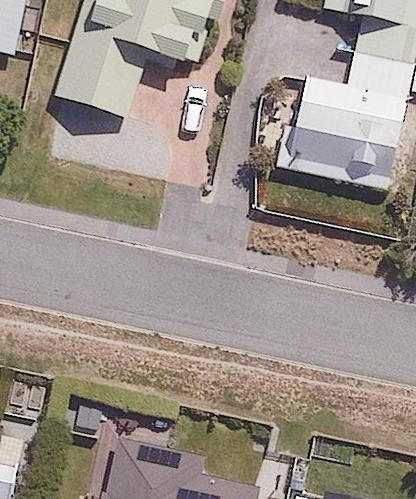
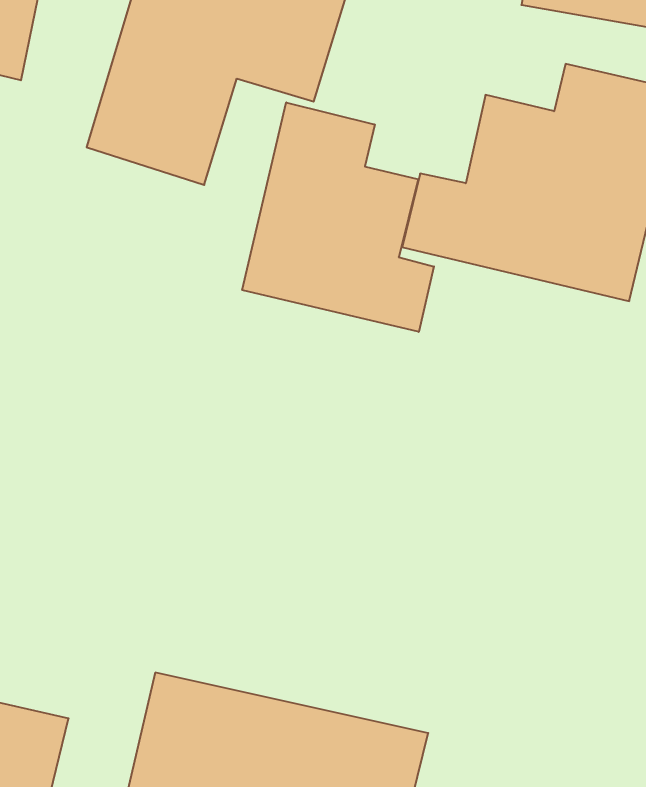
building: none -> [242,102,434,332]

